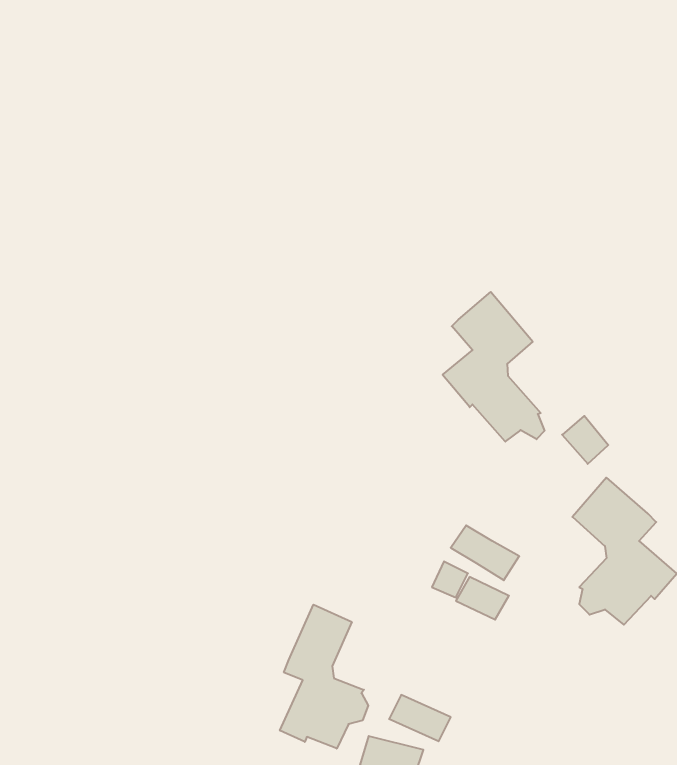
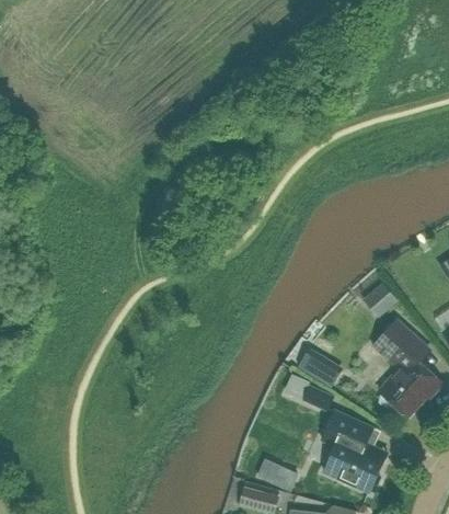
building: [443,292,544,442] -> none
building: [280,605,368,749] -> none
building: none -> [325,410,385,493]

